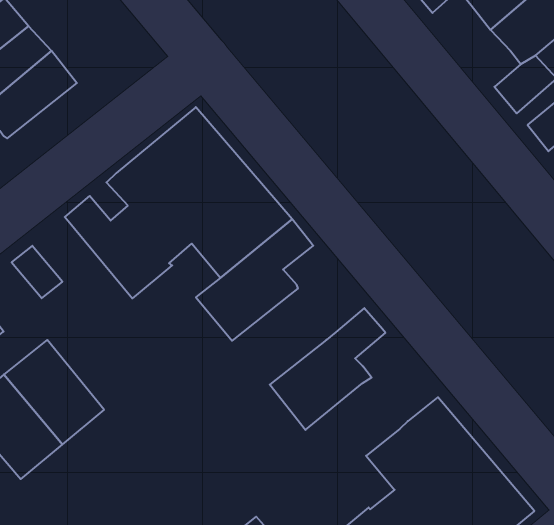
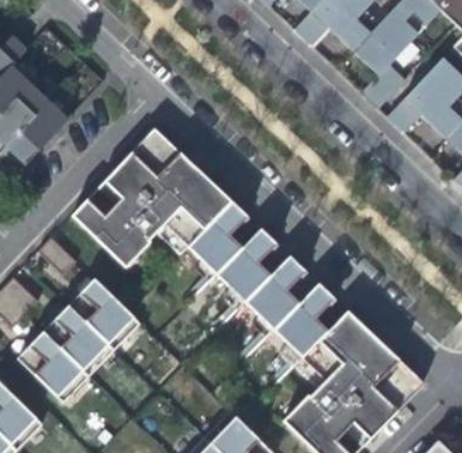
building: none -> [199,226,276,315]
building: none -> [69,277,140,346]
building: none -> [257,282,334,372]

